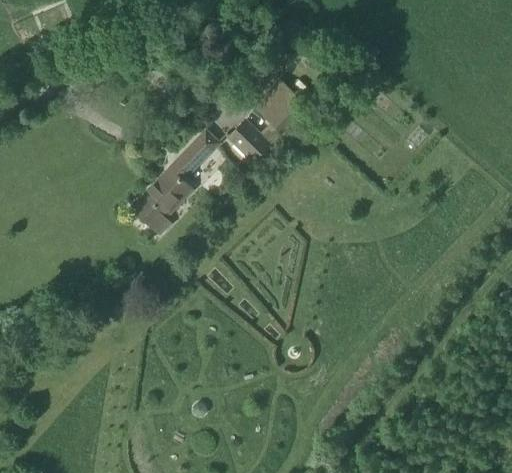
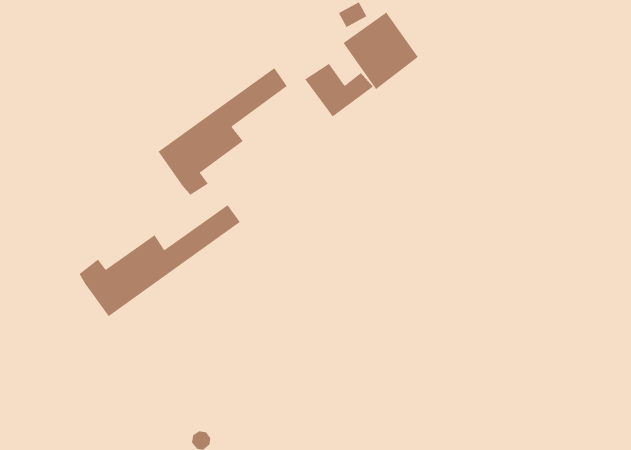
building: none -> [78,204,241,317]

